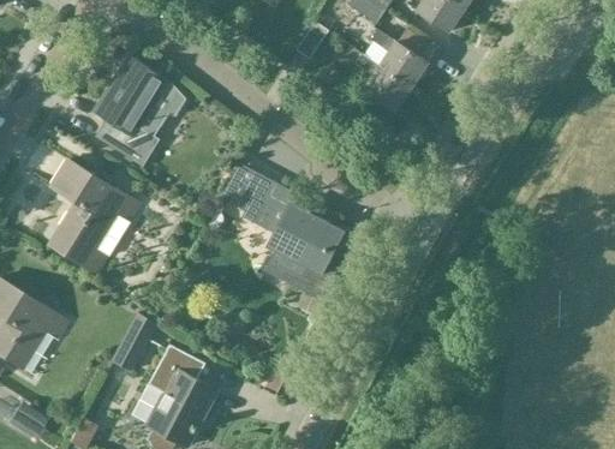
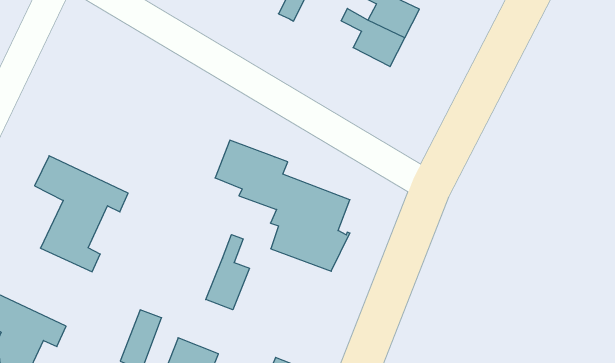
building: [94,56,186,164] -> none
building: none -> [206,235,250,310]

